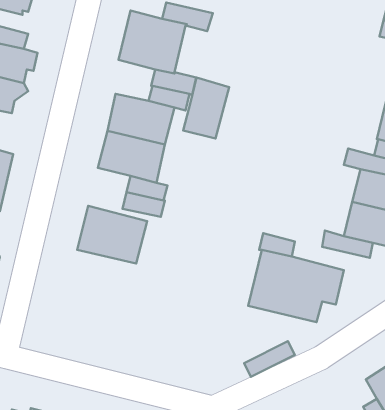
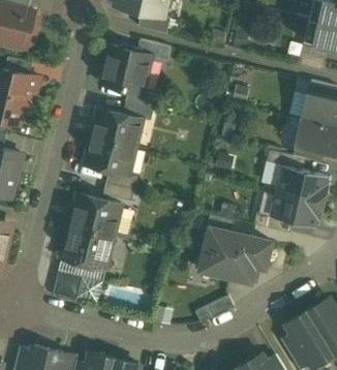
building: [183,78,229,139] -> none
building: none -> [62,226,114,269]
building: none -> [53,270,83,300]

